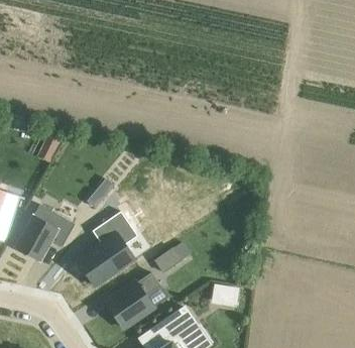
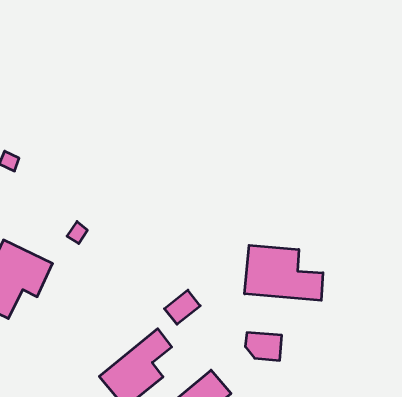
building: [76,212,136,286] -> none
building: none -> [245,245,323,300]

